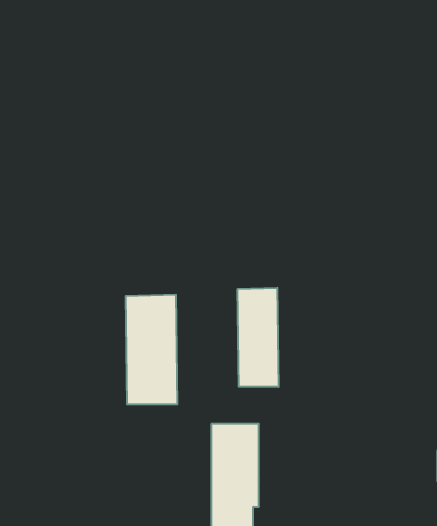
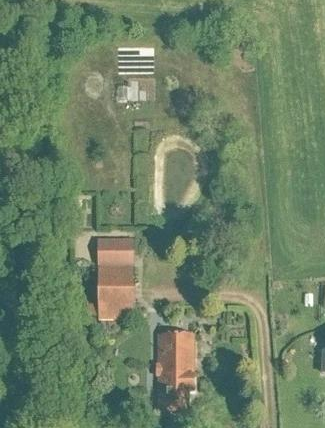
building: [238,288,279,387] -> none

